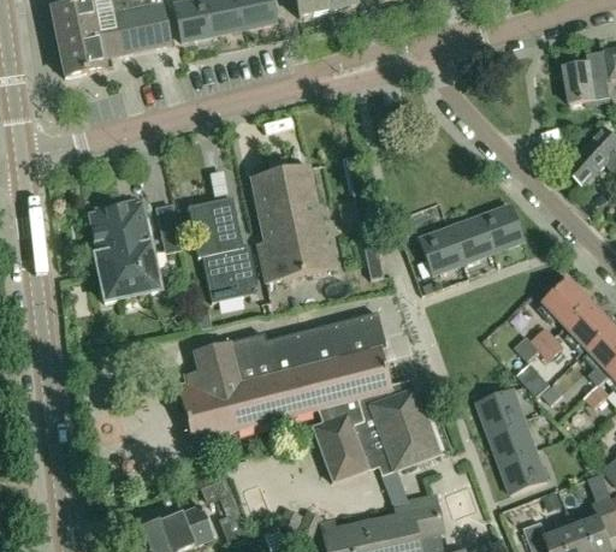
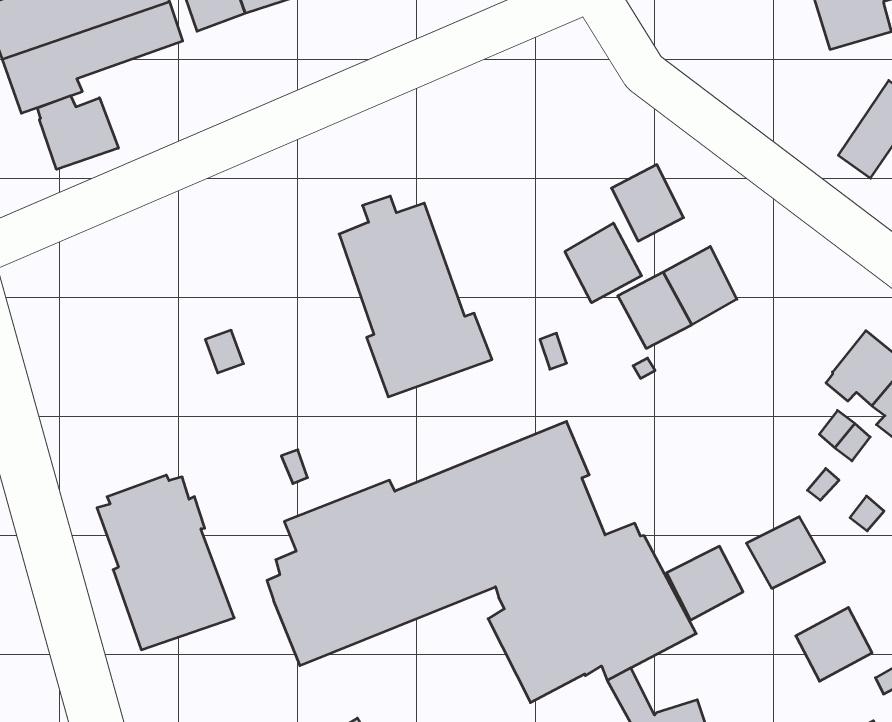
building: none -> [37,96,118,169]
building: none -> [565,223,642,303]
building: [188,197,259,302] -> none
building: [87,198,162,304] -> [97,475,234,650]
building: [480,204,522,250] -> [611,165,684,241]
building: [490,420,535,463] -> [667,546,743,620]

